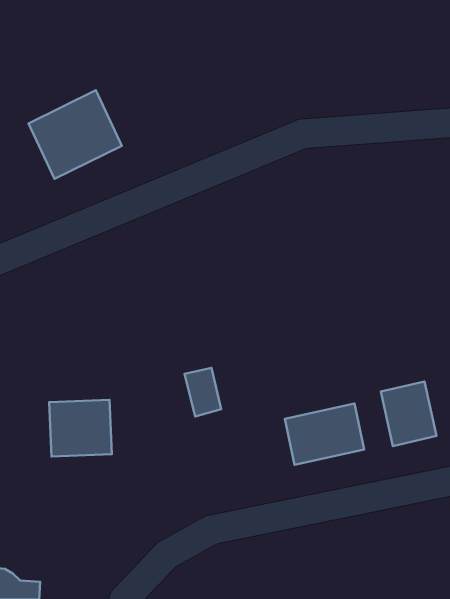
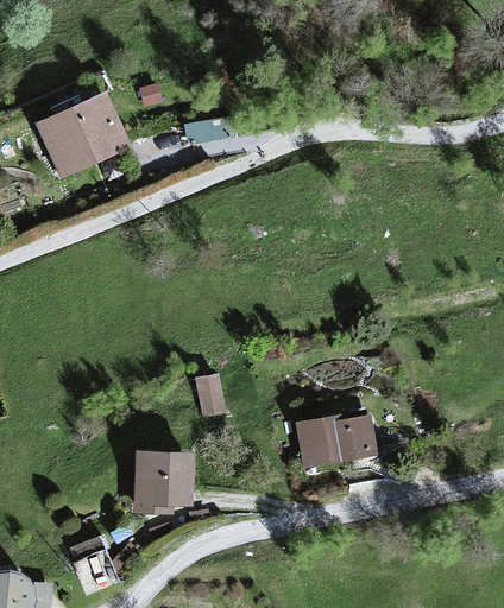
building: [381,381,437,446] -> none
building: [49,400,112,457] -> [130,451,193,508]

